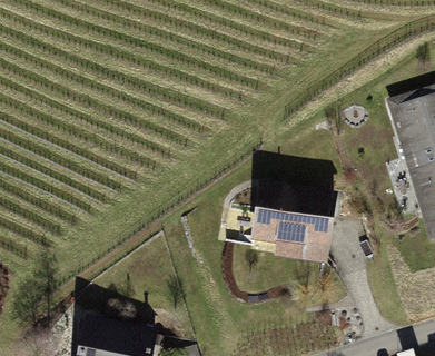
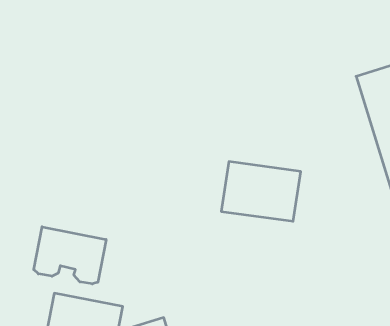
building: none -> [34,227,106,284]

